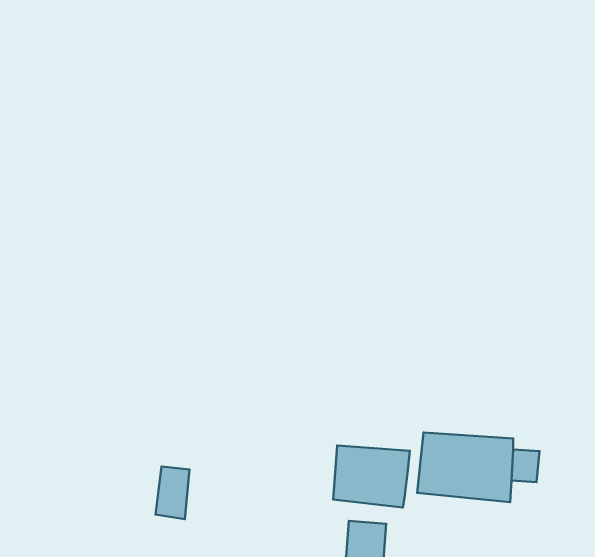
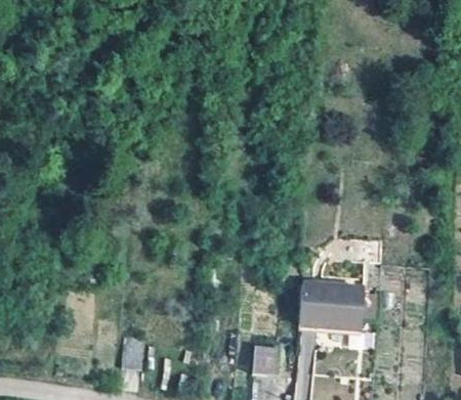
building: [333,445,410,507] -> none

